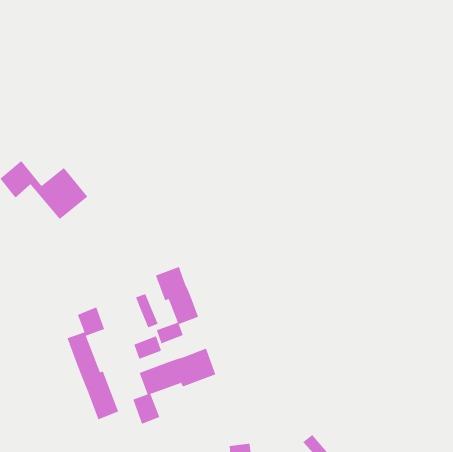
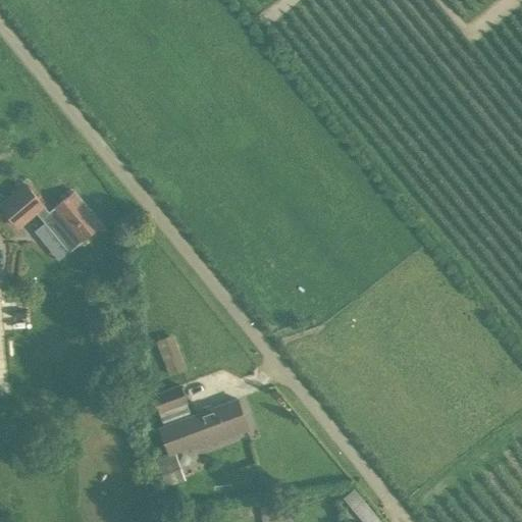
building: [155,266,199,344] -> none
building: [67,307,119,420] -> none

